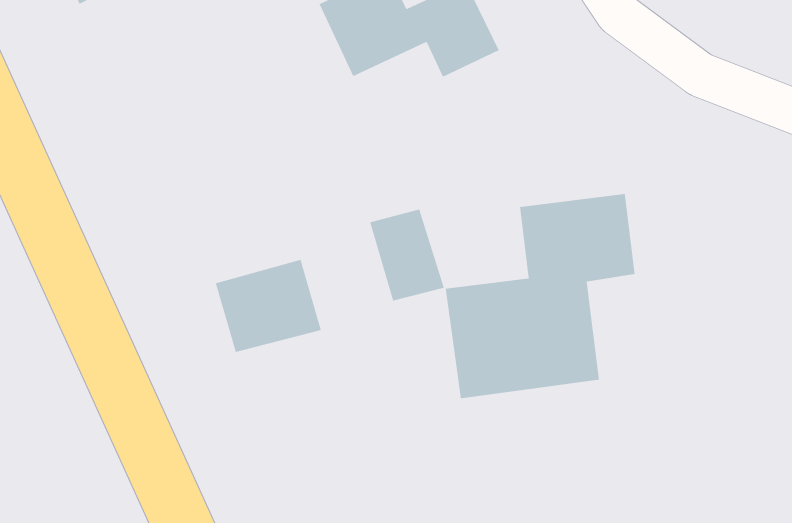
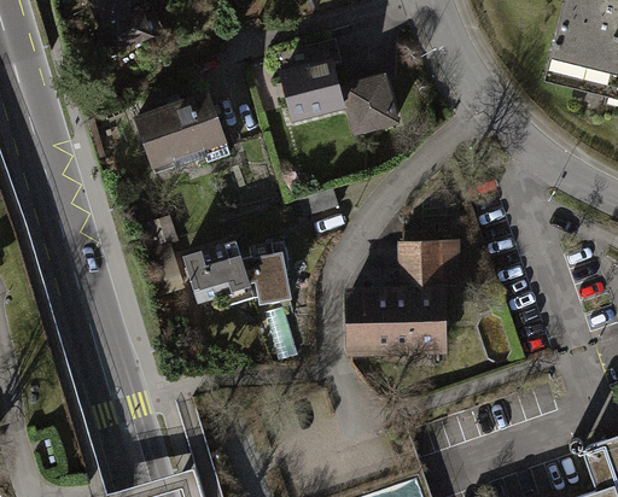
building: none -> [134,92,221,173]
building: [369,209,445,301] -> [243,242,291,306]

